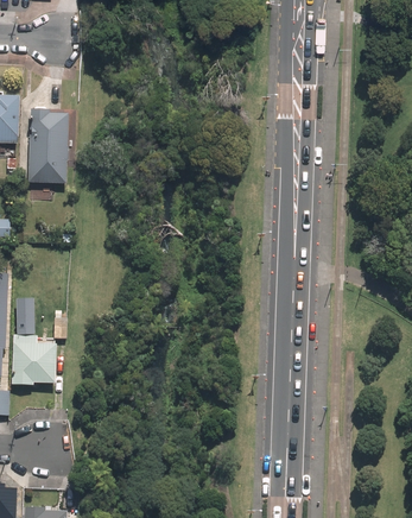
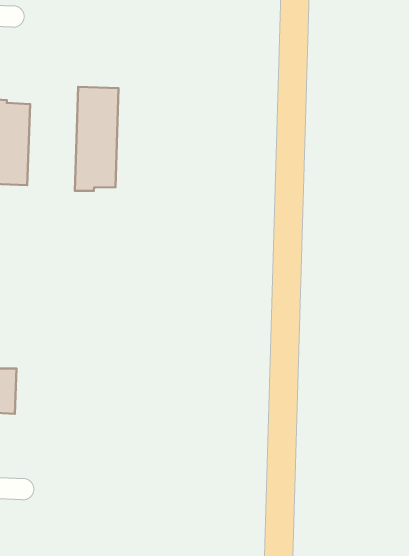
building: none -> [75,87,119,191]

